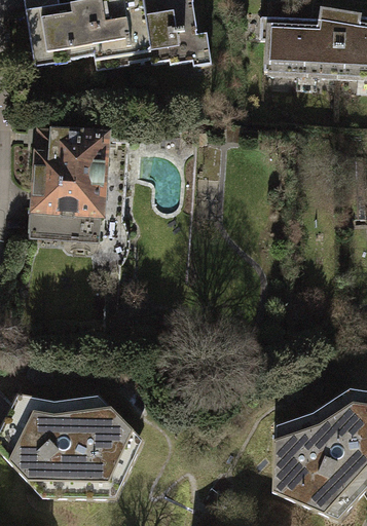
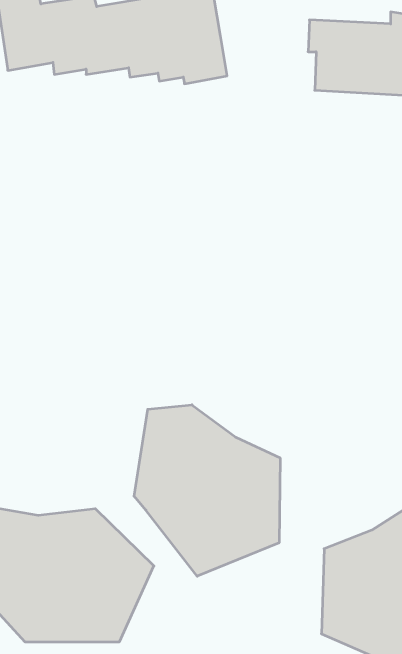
building: [31,126,111,240] -> none
building: none -> [134,405,280,576]

